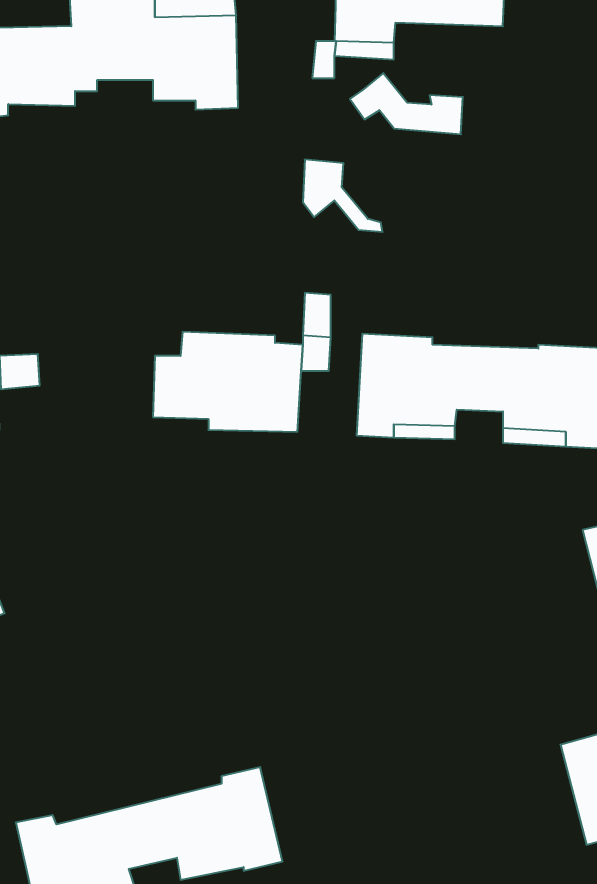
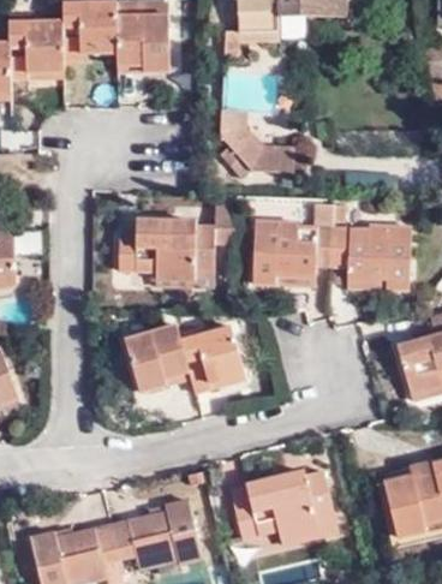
building: [350,73,463,134] -> [214,131,287,171]
building: none -> [123,322,244,394]
building: none -> [228,470,338,546]

